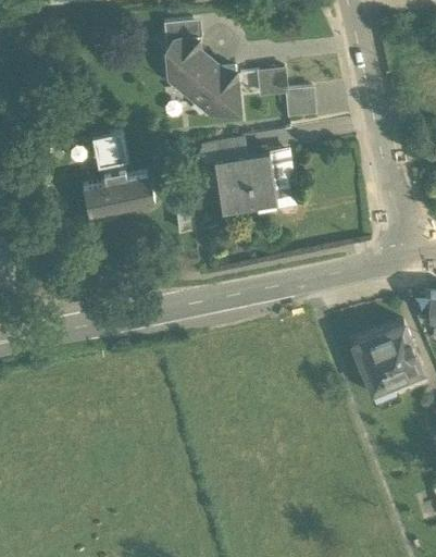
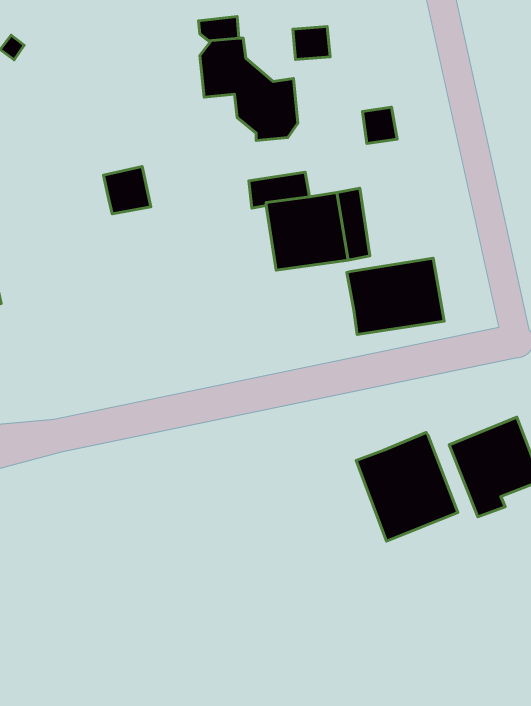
building: [258,70,286,95] -> [293,26,330,60]
building: [83,172,154,215] -> none
building: none -> [347,258,444,334]
building: none -> [356,432,458,541]

